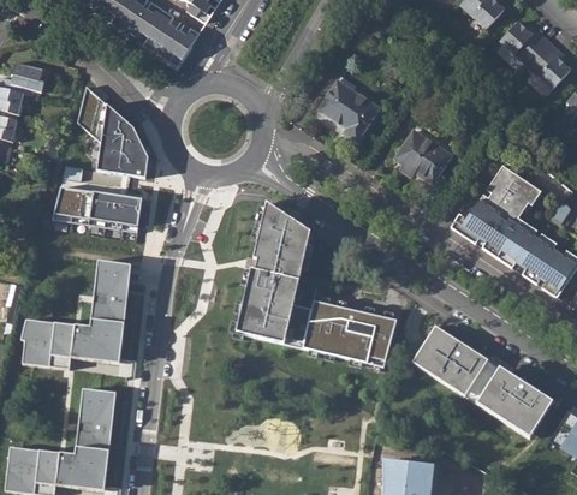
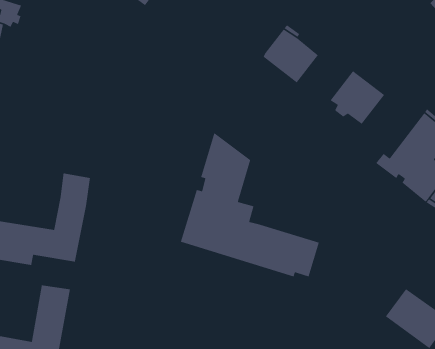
building: [78,88,148,177] -> none
building: [53,187,142,231] -> none
building: [411,324,484,394] -> none

